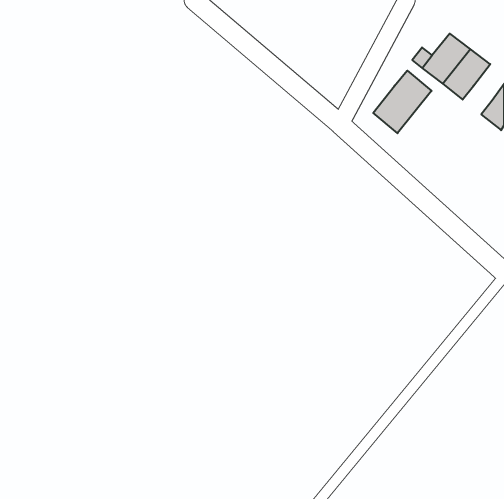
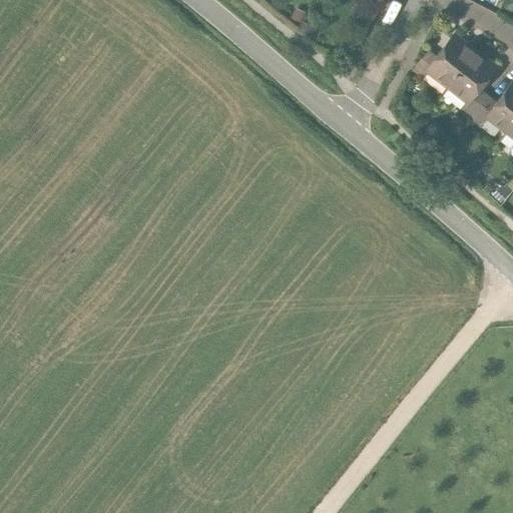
building: [373,71,432,133] -> none
building: none -> [465,92,500,131]

